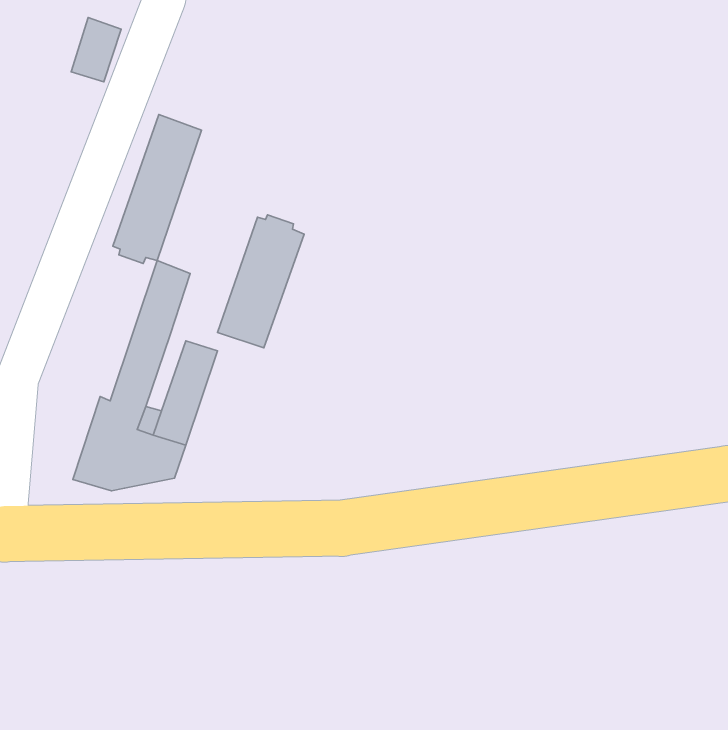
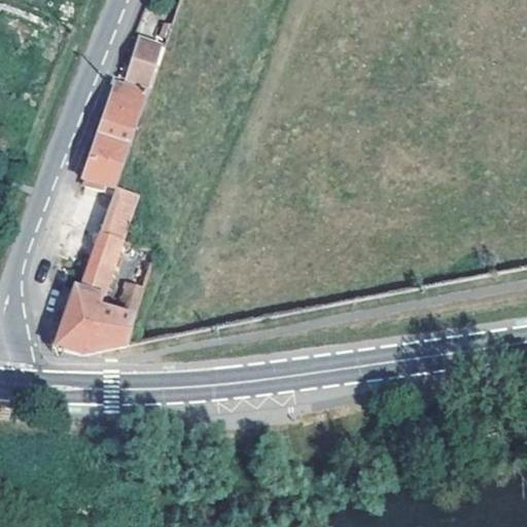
building: [71,18,121,82] -> [125,39,161,85]
building: [218,215,304,348] -> none

